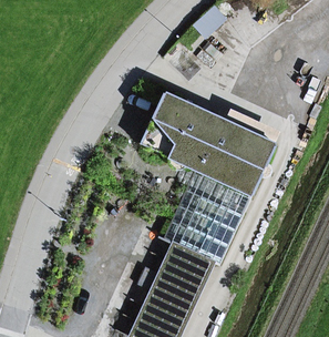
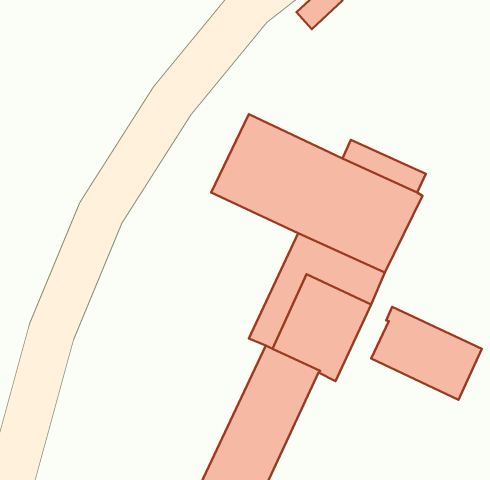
building: none -> [371,307,482,400]

